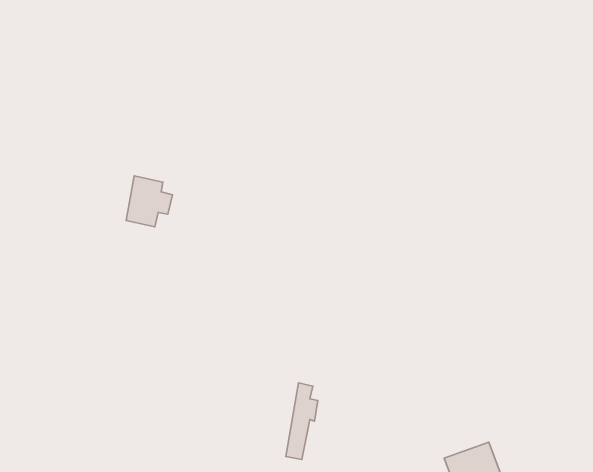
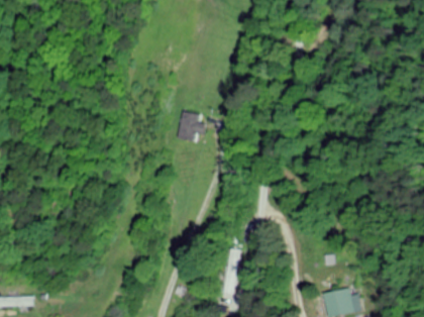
building: [126,176,172,227] -> [176,111,205,143]

